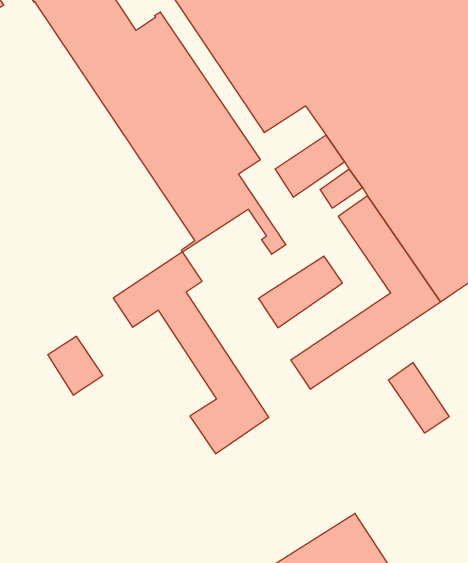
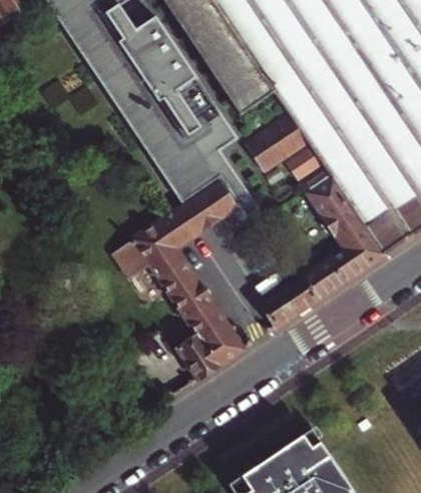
building: [258,256,342,328] -> [173,178,243,237]
building: [48,336,103,395] -> none
building: [388,362,449,433] -> none

